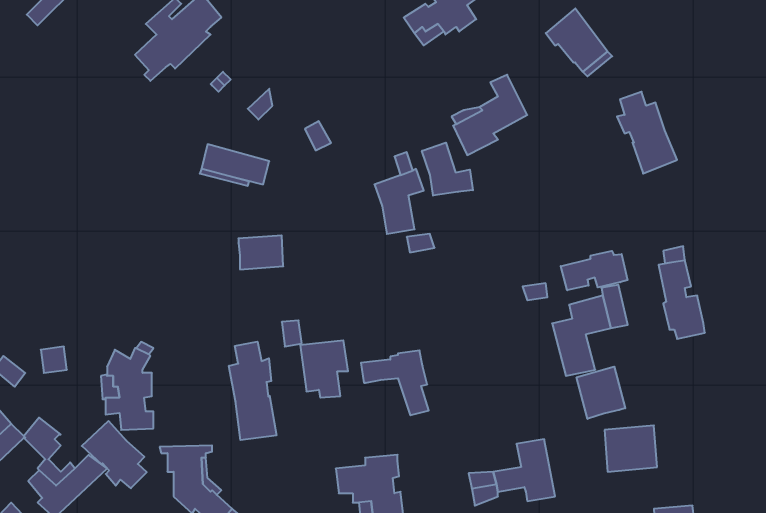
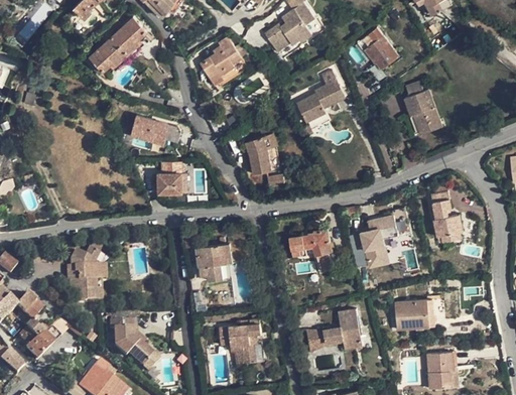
building: none -> [200,37,247,85]
building: [422,143,473,196] -> none
building: [561,251,628,290] -> none
building: [229,342,276,440] -> none
building: [361,350,429,415] -> [289,229,334,271]
building: [577,367,625,419] -> none
building: [82,421,147,488] -> none

